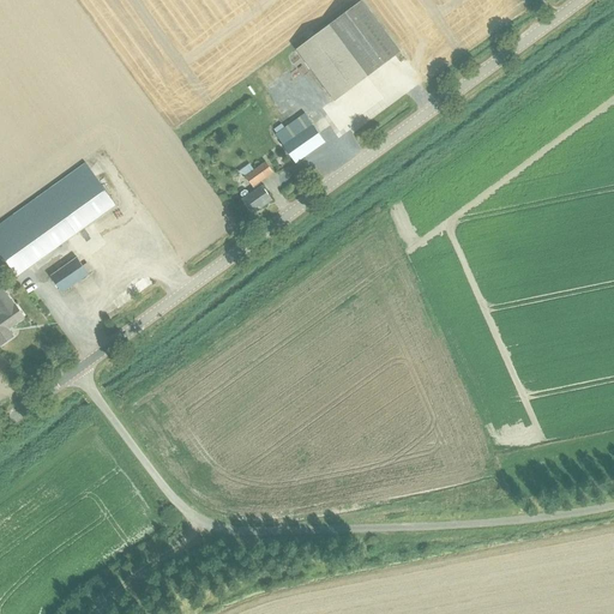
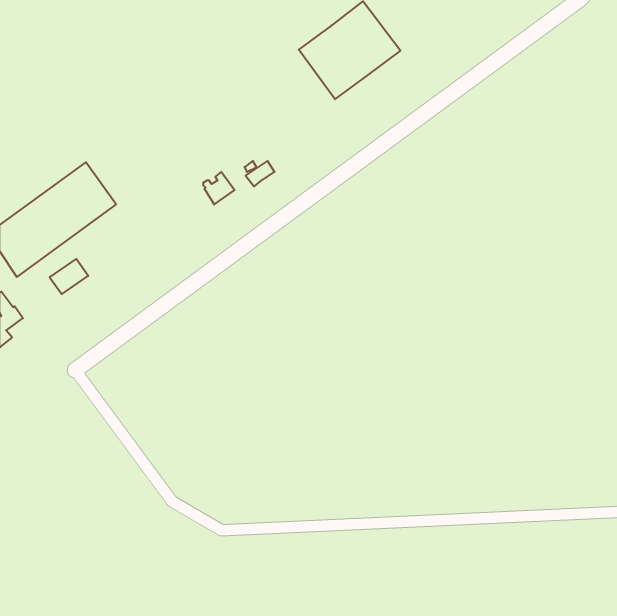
building: [275,112,324,161] -> none
building: [240,180,271,212] -> [203,172,235,205]

